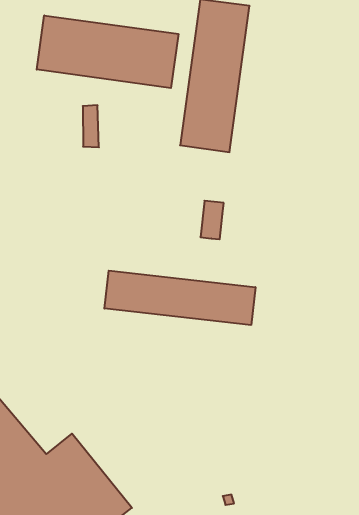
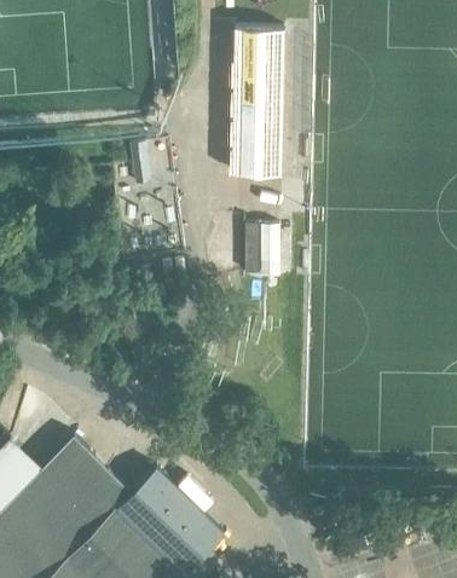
building: [37,15,178,88] -> none
building: [104,271,255,325] -> none

